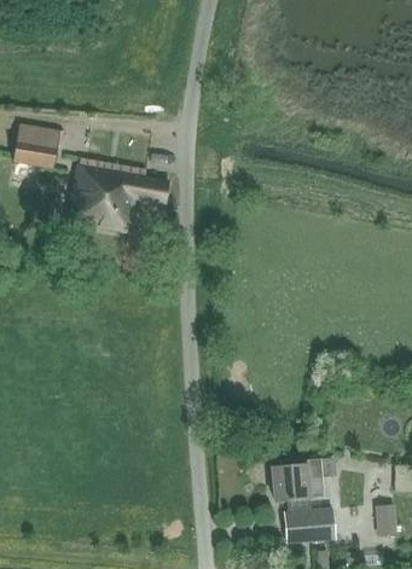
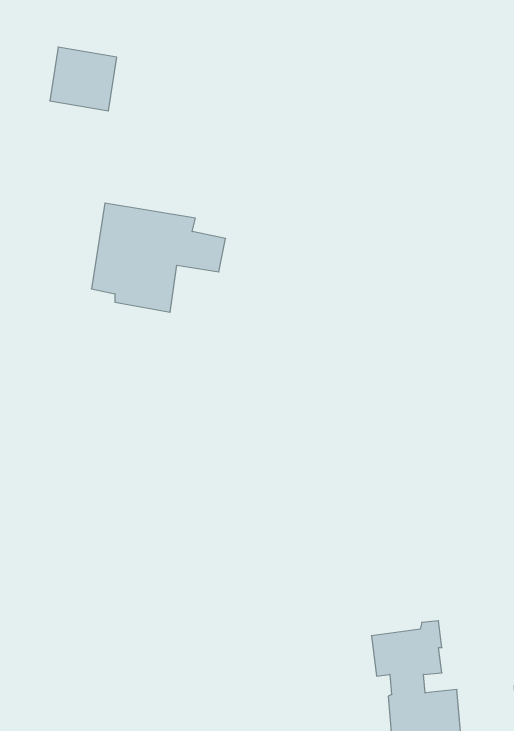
building: [11,123,59,169] -> [50,47,117,111]

